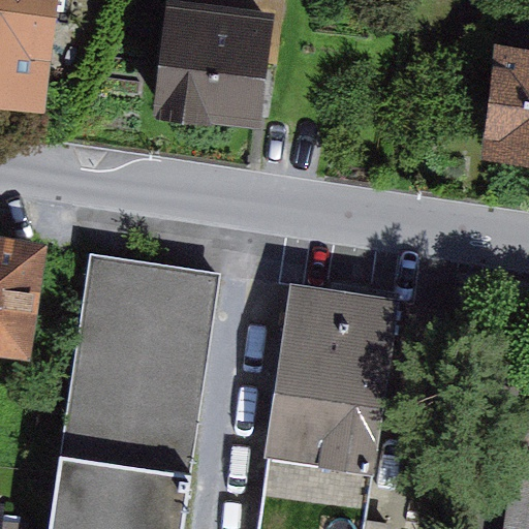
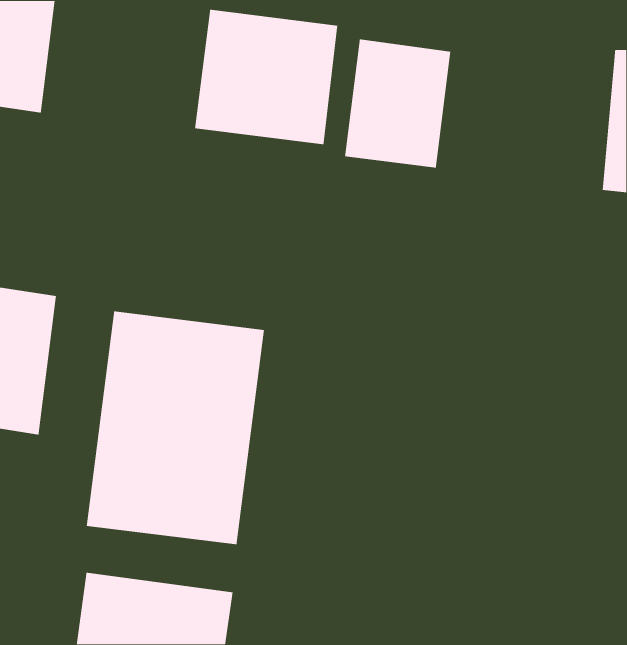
building: none -> [344,39,451,168]
building: [254,288,379,480] -> none

